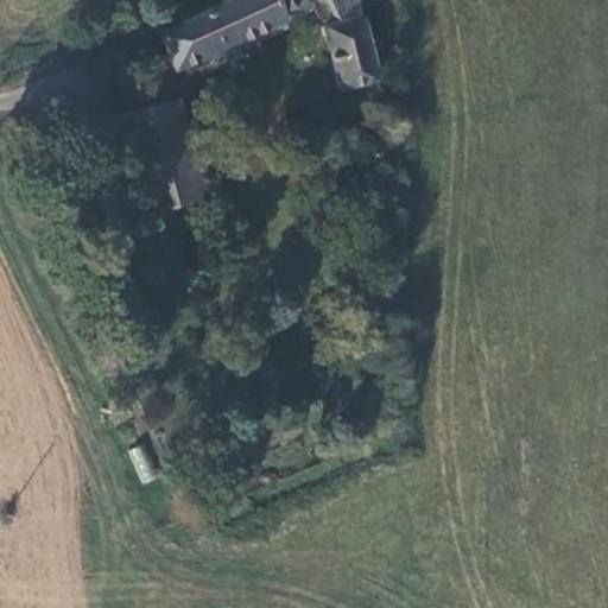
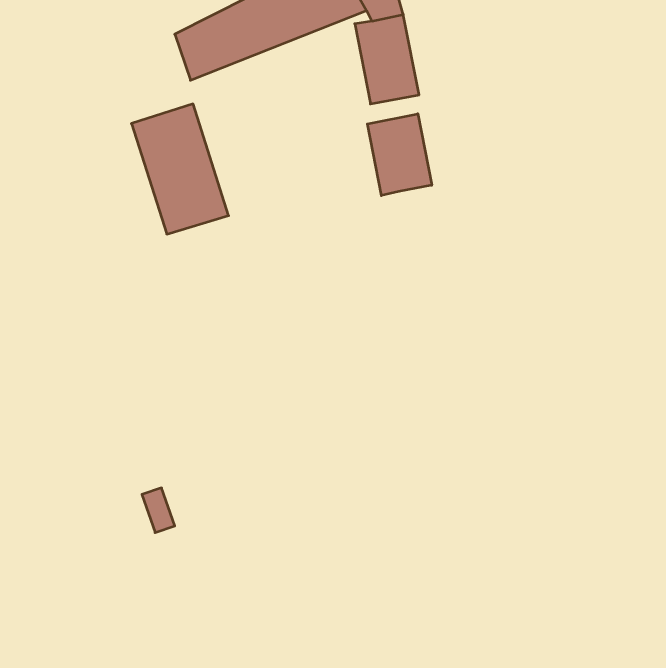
building: none -> [367,114,432,196]

